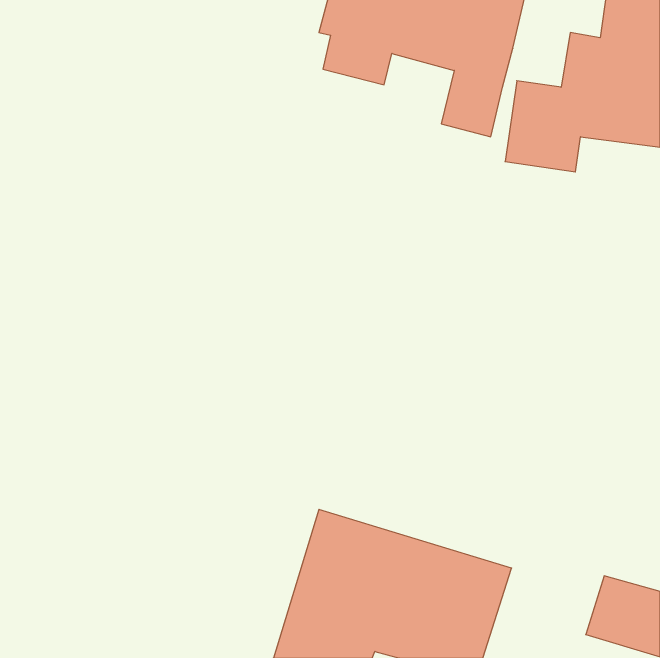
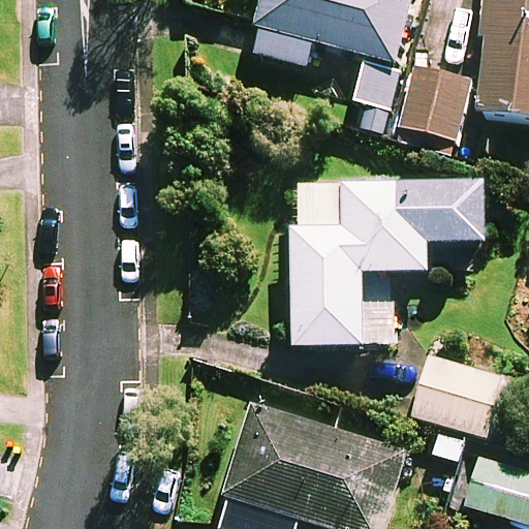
building: none -> [291,180,485,344]
building: none -> [412,355,501,436]

